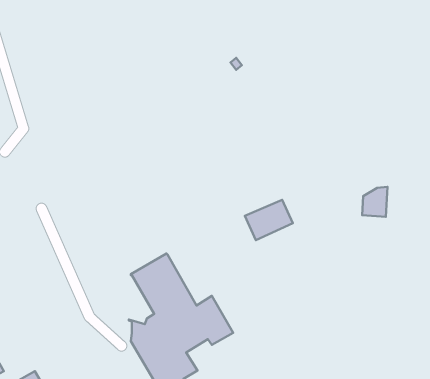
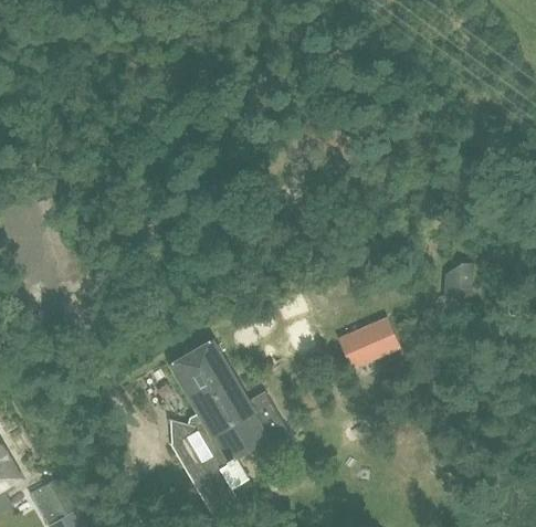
building: [245,200,293,240] -> [340,318,397,366]

